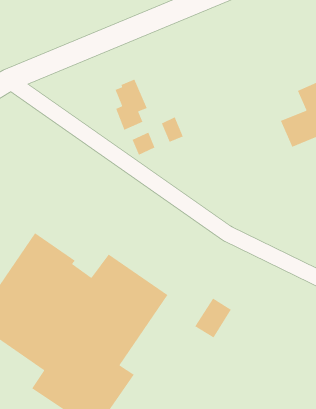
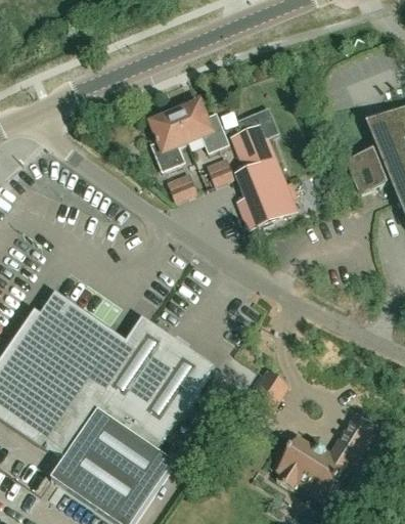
building: none -> [174,101,228,152]
building: none -> [230,124,297,223]
building: none -> [277,414,376,496]

